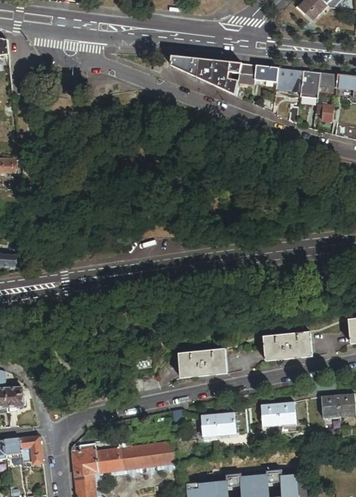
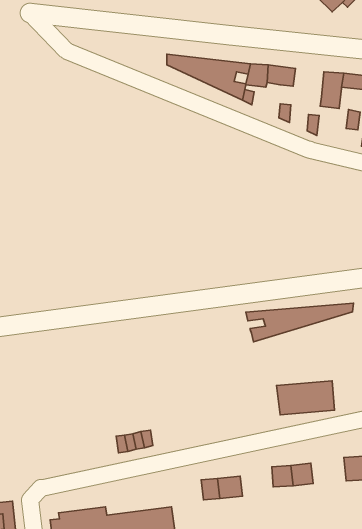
building: [277,68,303,92] -> none
building: none -> [246,303,353,342]
building: [177,350,226,379] -> none

